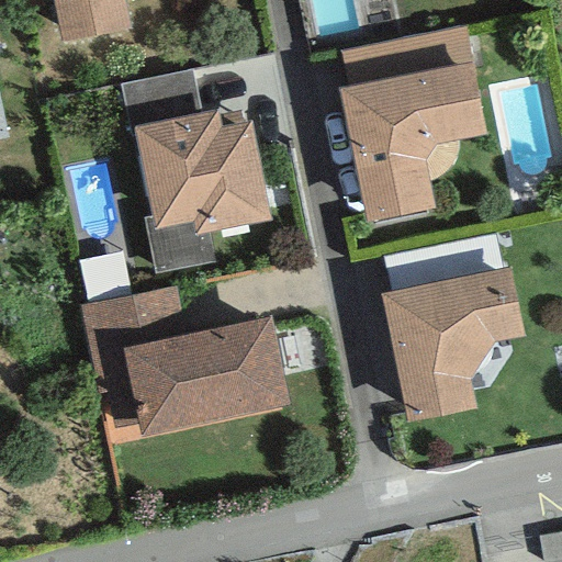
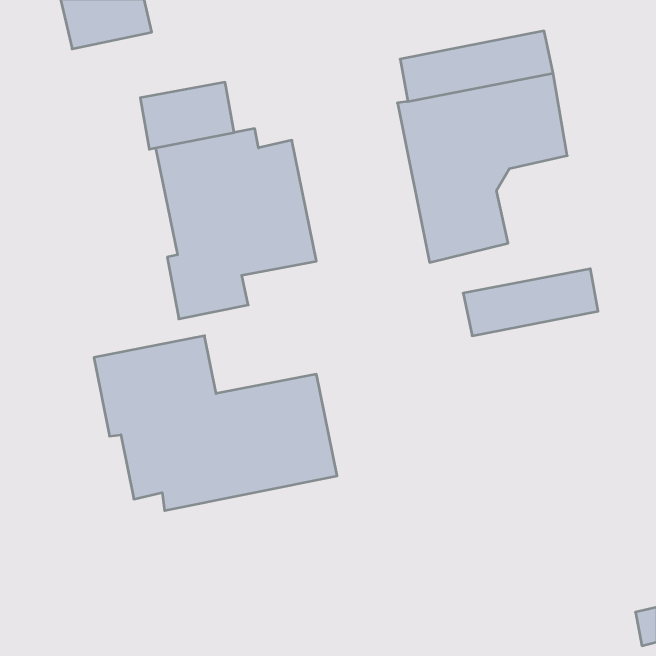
building: [380,268,524,422] -> none

